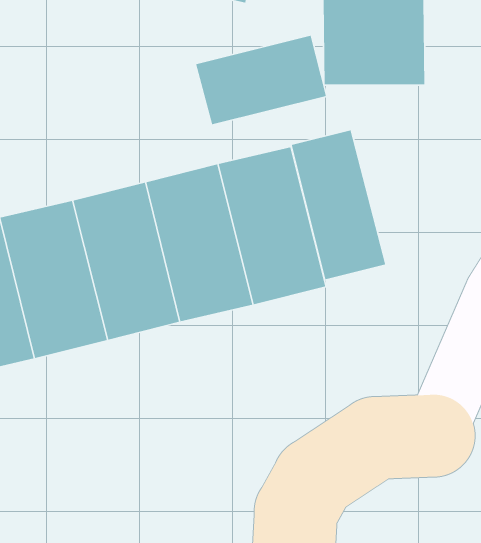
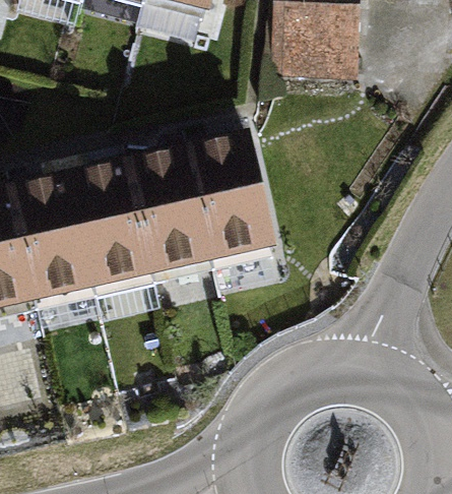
building: [195,35,327,125] -> none
building: [291,130,386,280] -> none

